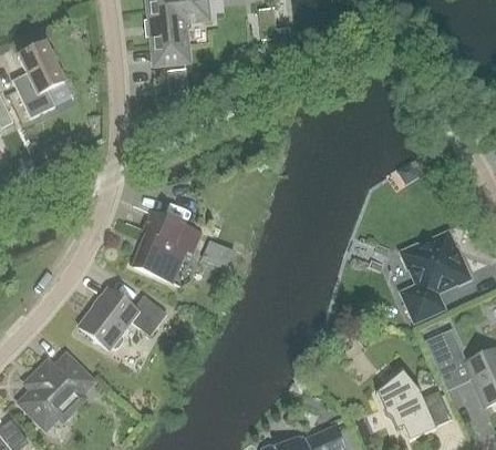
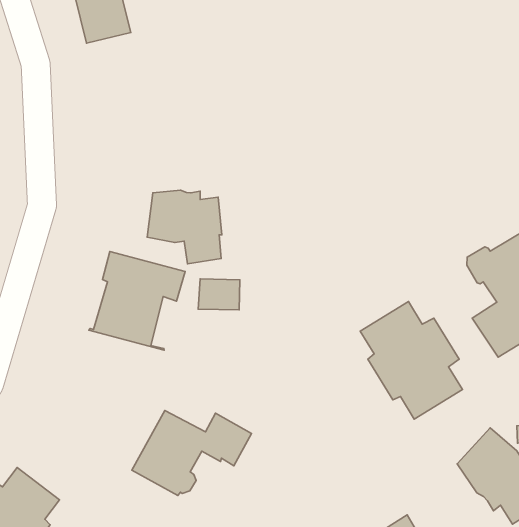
building: none -> [147,190,222,264]
building: none -> [360,302,462,419]
building: [79,288,166,349] -> [132,410,251,496]

